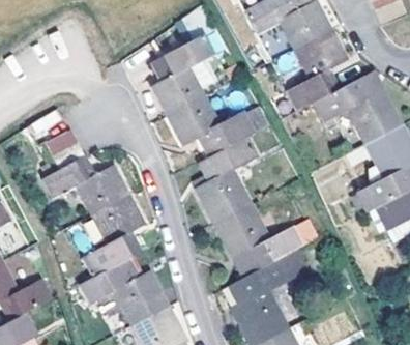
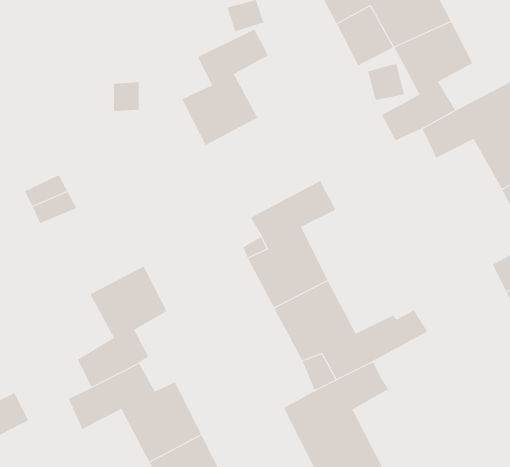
building: [169,95,267,153] -> none
building: [43,159,128,212] -> none

